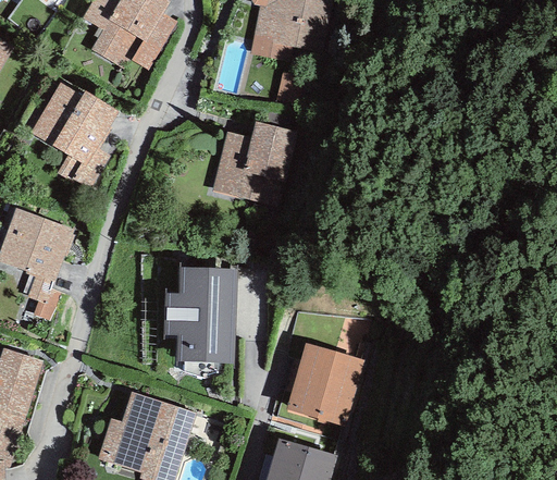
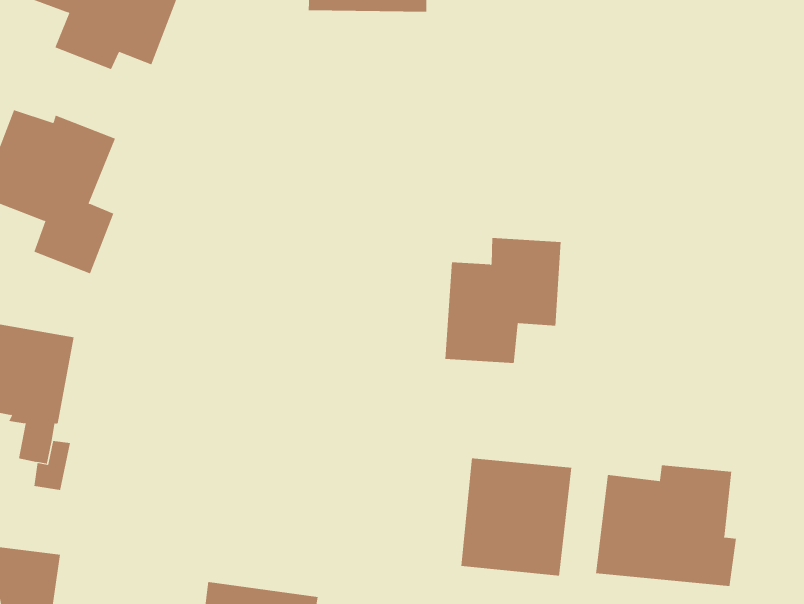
building: [213,120,297,199] -> [444,237,562,363]
building: [164,267,236,361] -> none
building: none -> [596,464,736,587]

